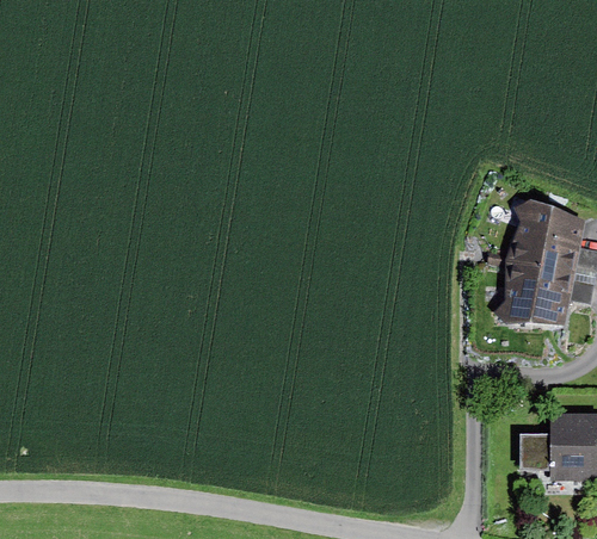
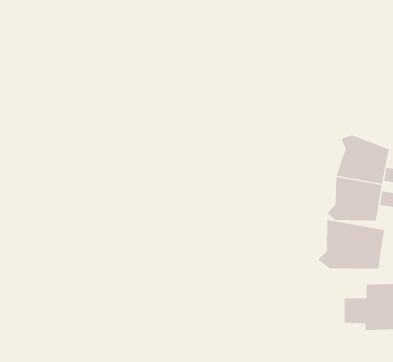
building: none -> [317,219,385,269]

